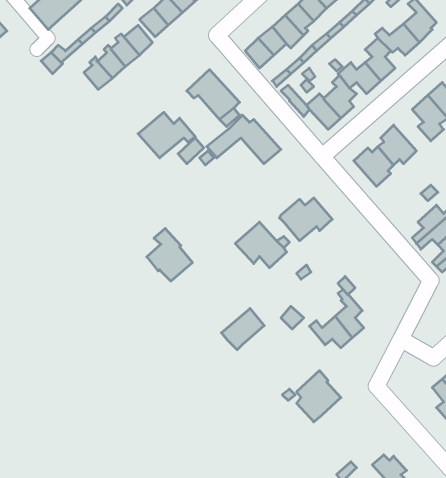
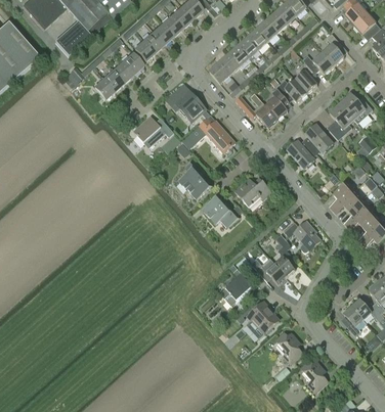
building: [147,228,192,281] -> [179,159,212,197]
building: none -> [284,220,320,250]
building: [221,308,264,350] -> [220,274,251,304]
building: none -> [275,331,303,363]

